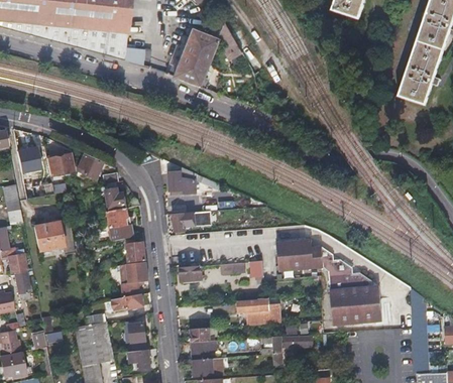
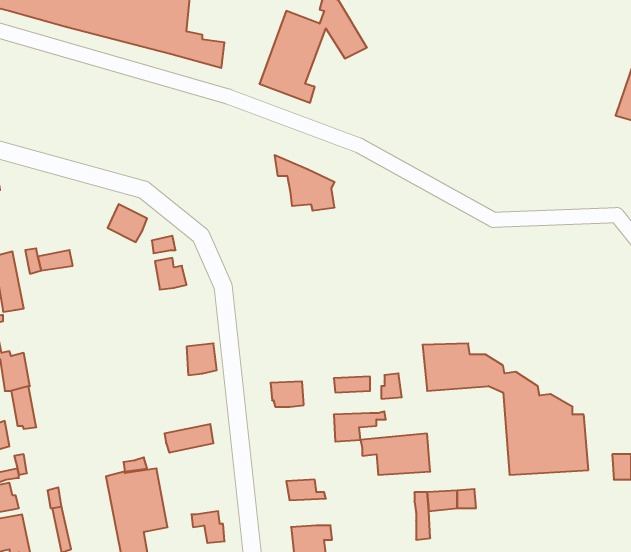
building: [17,147,39,171] -> none
building: [45,151,73,173] -> none
building: [158,158,197,194] -> [274,155,335,211]
building: [106,207,133,240] -> none
building: [171,211,195,233] -> none
building: [32,217,73,252] -> none
building: [125,261,147,281] -> none
building: [125,320,146,350] -> none
building: [191,339,224,358] -> [334,411,386,442]

